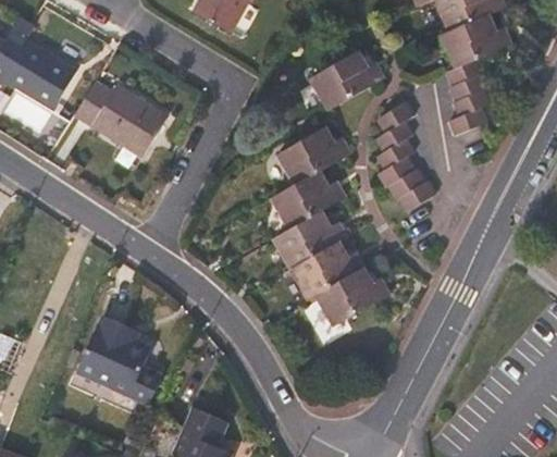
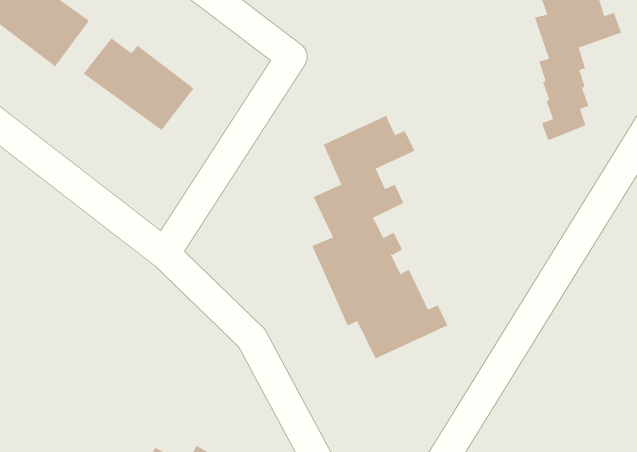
building: [309,51,383,110] -> none
building: [373,102,435,211] -> none
building: [79,317,164,399] -> none

